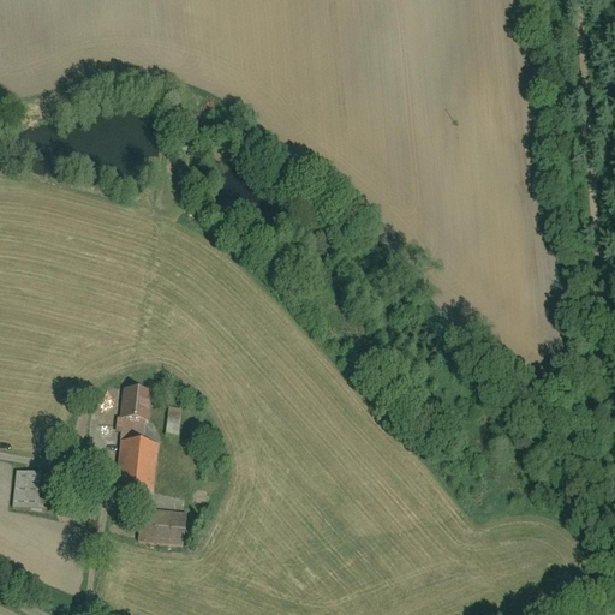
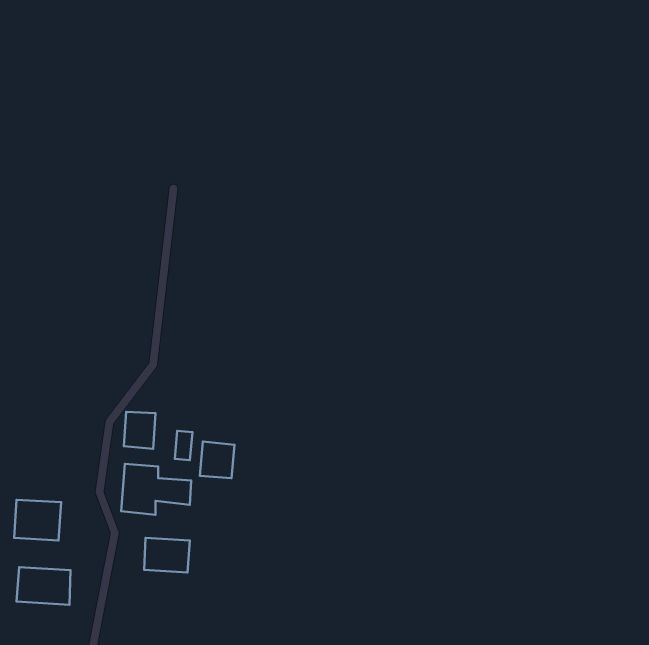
building: none -> [200,441,235,478]
building: none -> [17,567,71,605]

